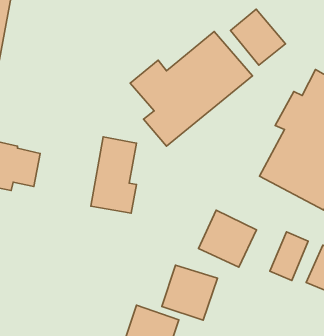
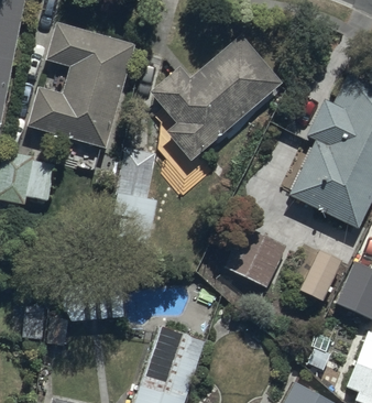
building: [230,9,285,65] -> none
building: none -> [29,21,134,148]
building: [162,265,217,320] -> none

